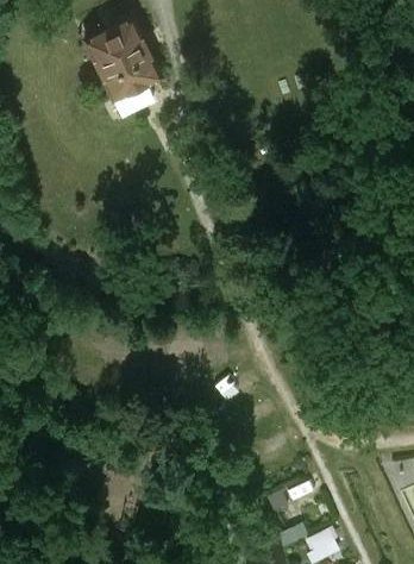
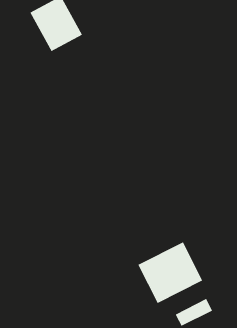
building: none -> [138,242,203,304]

